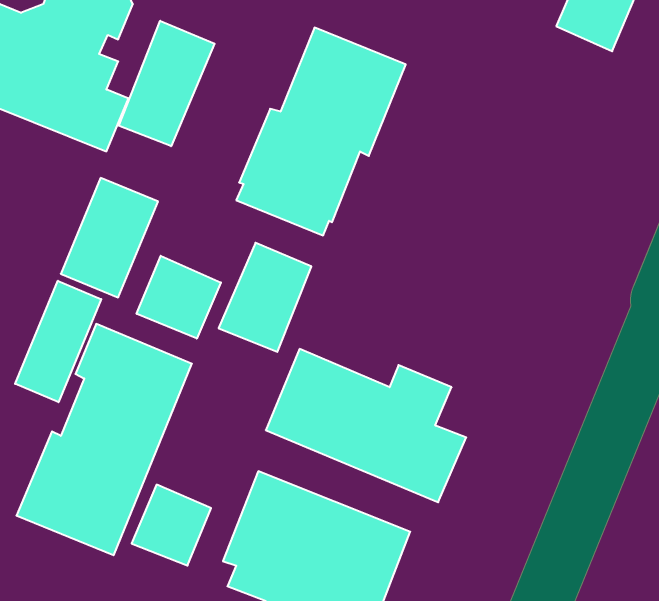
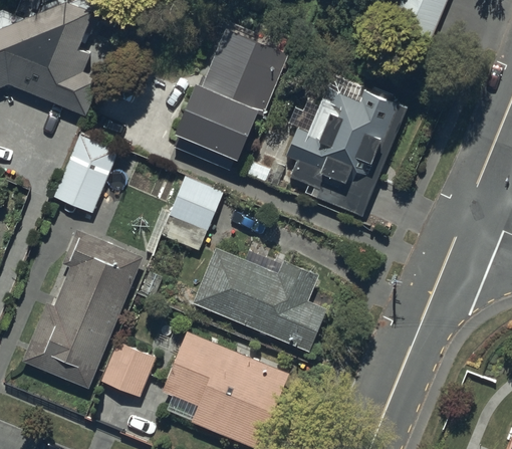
building: [119,21,215,146] -> none
building: none -> [287,75,407,217]
building: [137,256,221,339] -> none
building: [15,281,101,402] -> none

